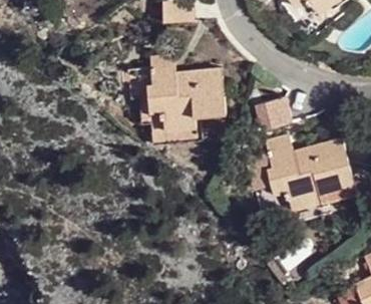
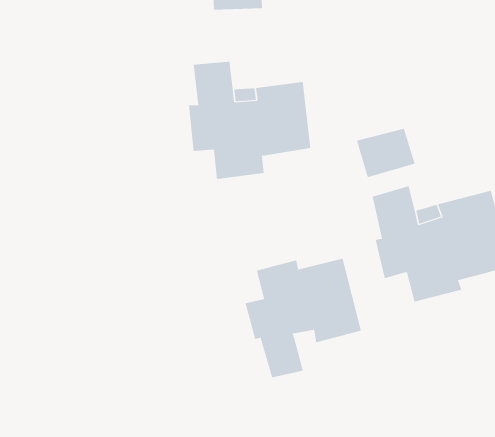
building: none -> [245,258,362,378]

